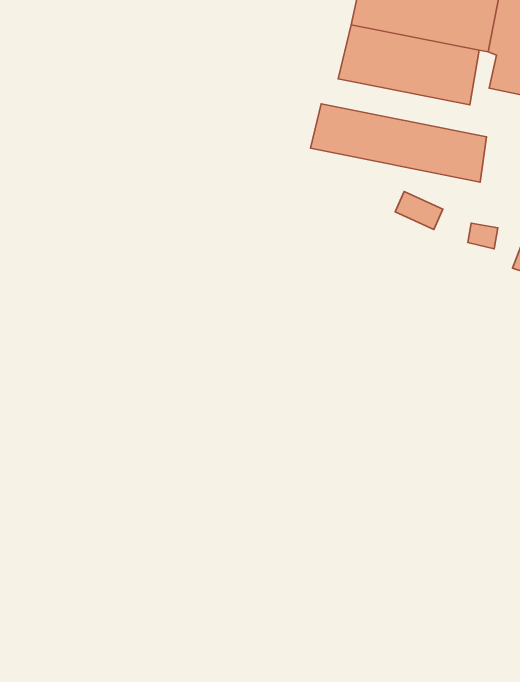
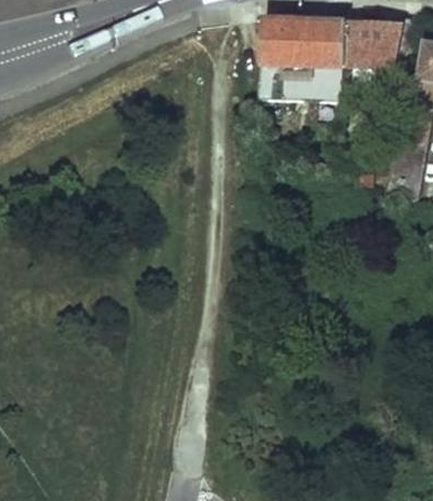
building: [310,104,486,182] -> none

